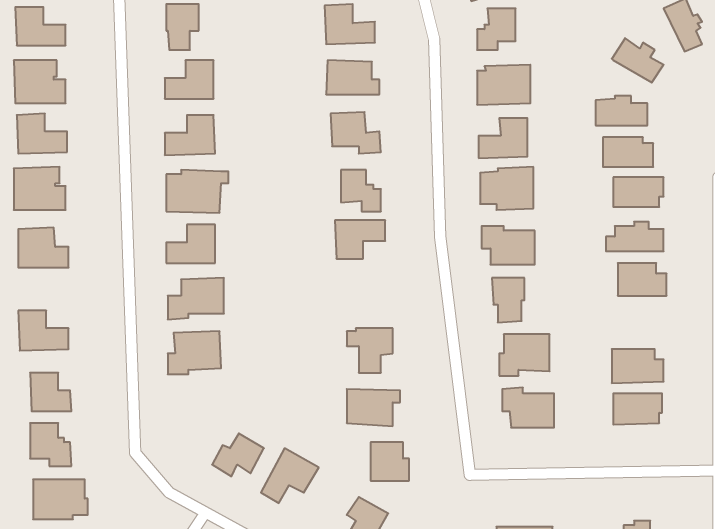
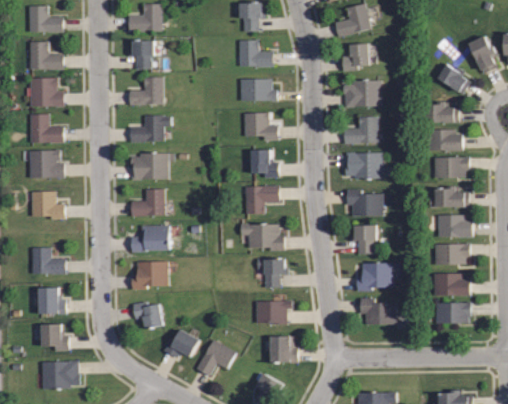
building: none -> [237,225,281,252]
building: none -> [434,243,469,263]
building: none -> [132,304,161,329]

